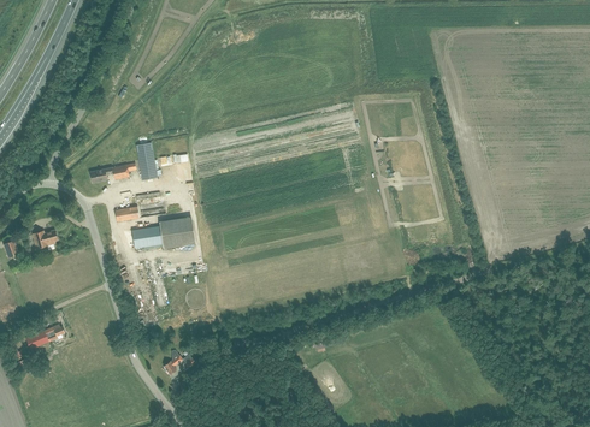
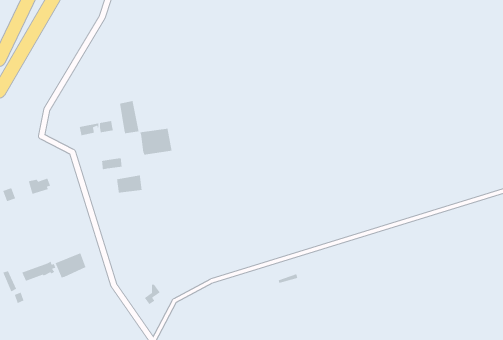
building: [159,217,196,248] -> [139,128,172,155]
building: none -> [54,252,87,279]

